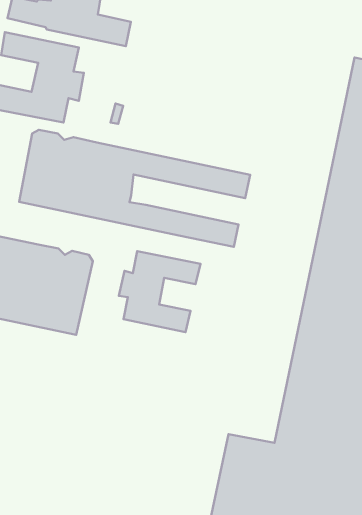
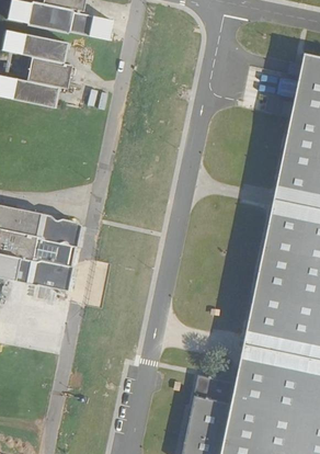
building: [19,130,250,247] -> none
building: [119,251,200,332] -> none

